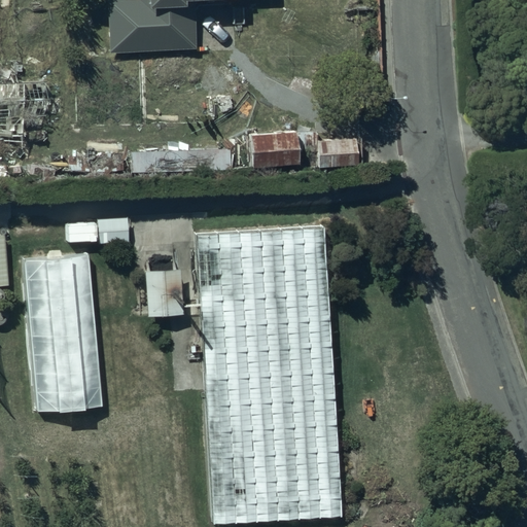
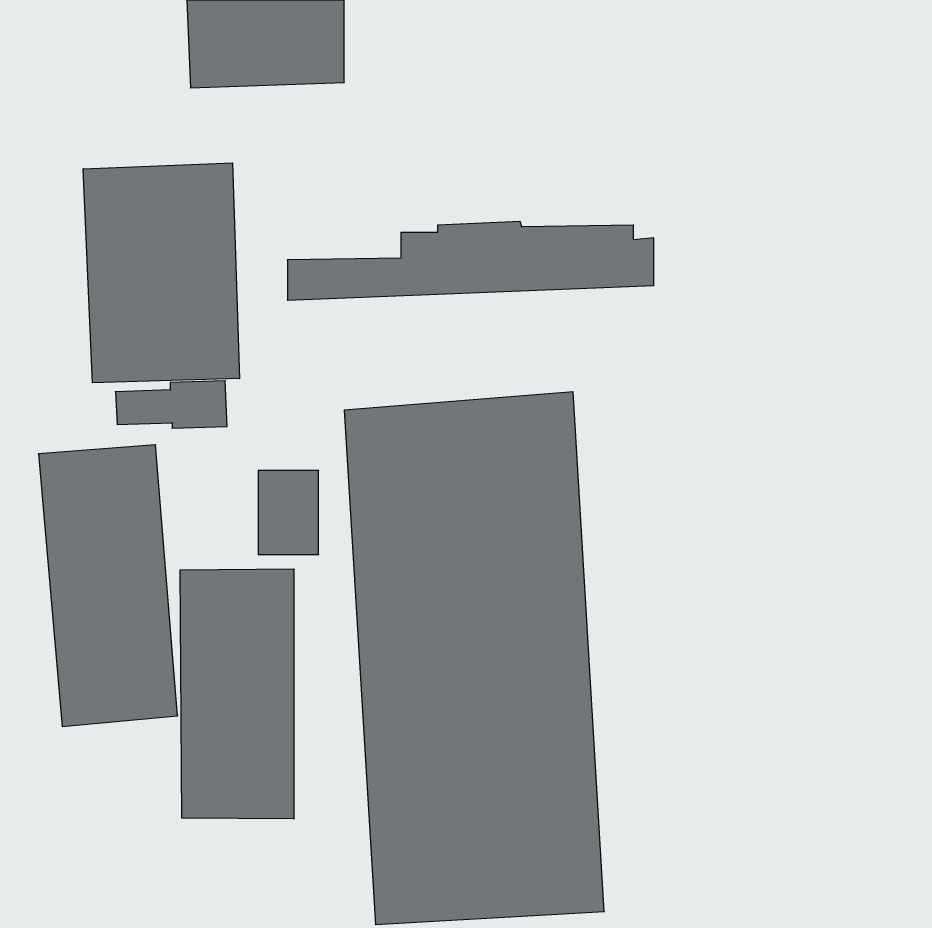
building: none -> [83,163,240,383]
building: none -> [180,569,294,819]

